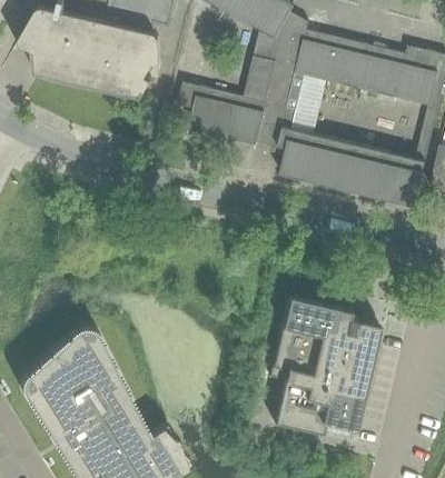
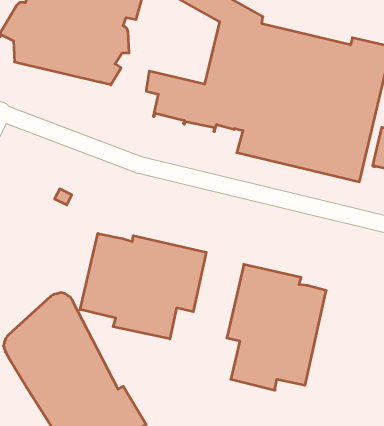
building: none -> [80,233,206,339]

